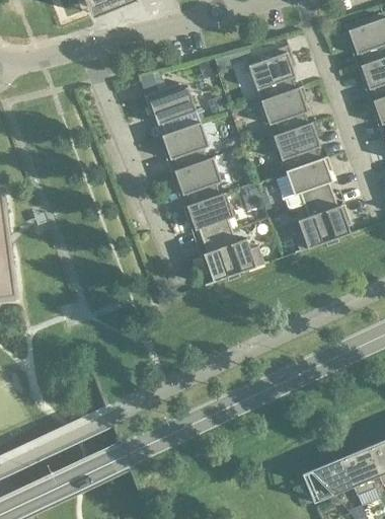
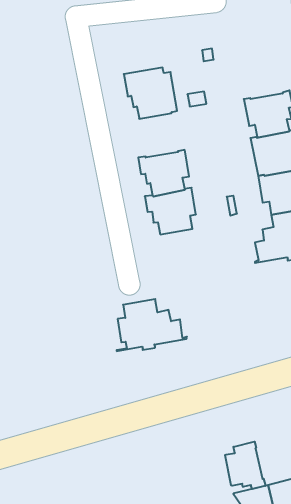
building: [247,45,295,99] -> none
building: [157,122,208,170] -> none
building: [199,230,266,285] -> [117,299,187,351]
building: none -> [225,442,265,489]

